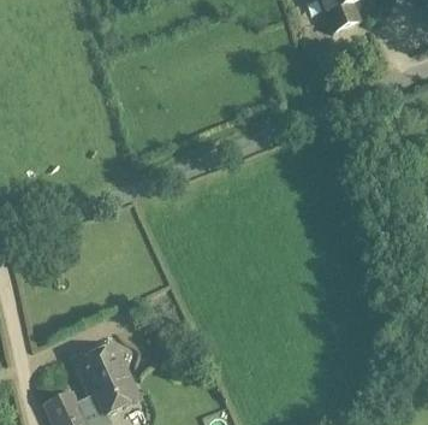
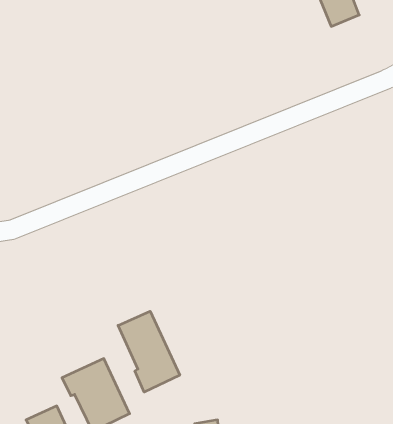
building: none -> [118,311,180,392]

